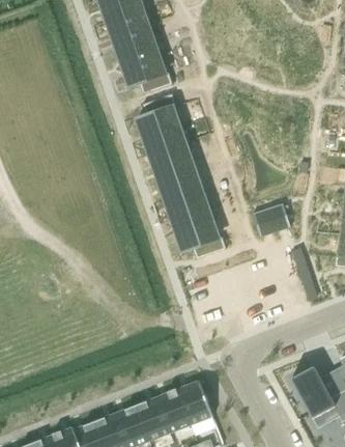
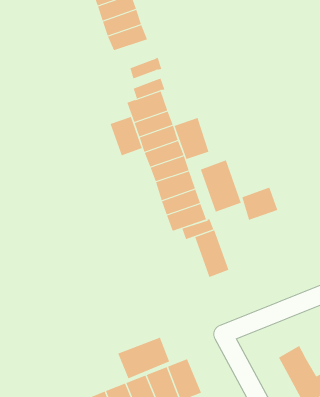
building: [122,54,164,86] -> none
building: none -> [110,116,143,156]
building: none -> [174,117,209,160]
building: none -> [200,160,242,213]
building: none -> [195,229,229,278]
building: none -> [117,337,170,379]

